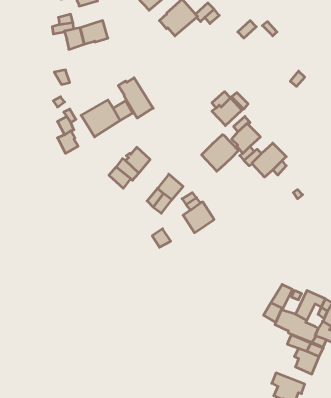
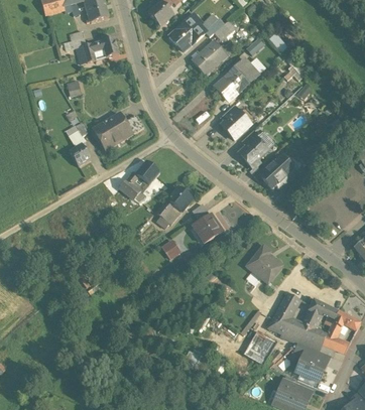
building: none -> [192,40,227,75]
building: none -> [215,58,255,100]
building: [118,78,153,118] -> none
building: [202,135,238,171] -> none
building: none -> [246,244,282,282]
building: none -> [244,330,277,365]

